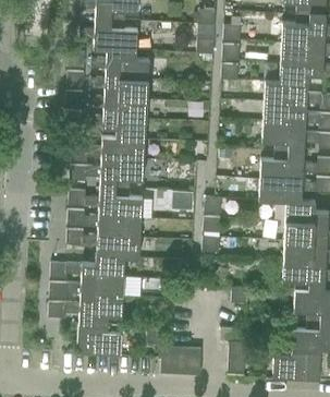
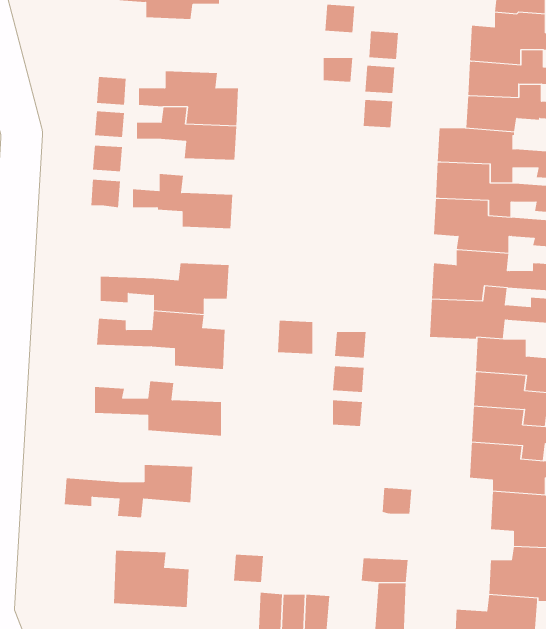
building: [80,19,137,50] -> none
building: [89,88,147,120] -> none
building: [70,137,145,169] -> none
building: [66,207,140,239] -> none
building: [50,255,124,285] -> none
building: [48,294,122,325] -> none

